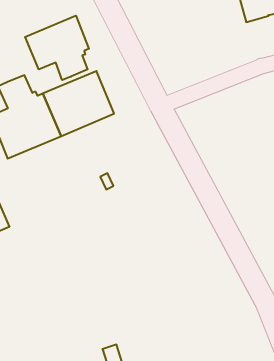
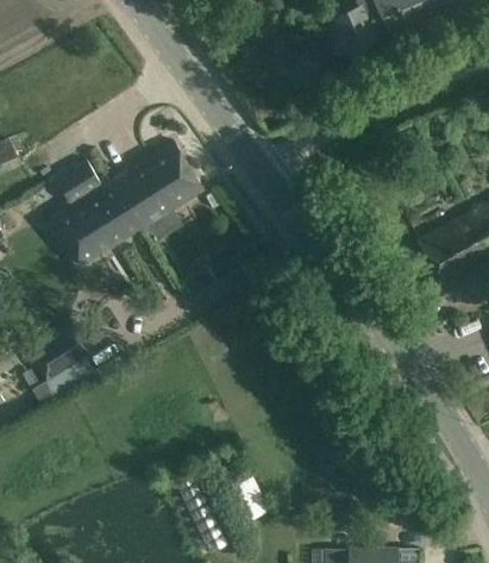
building: [25,16,89,80] -> none

